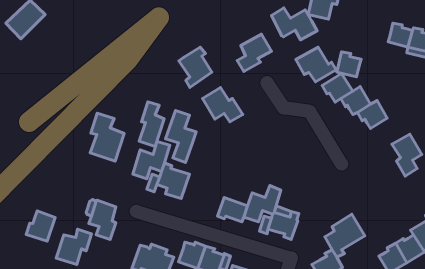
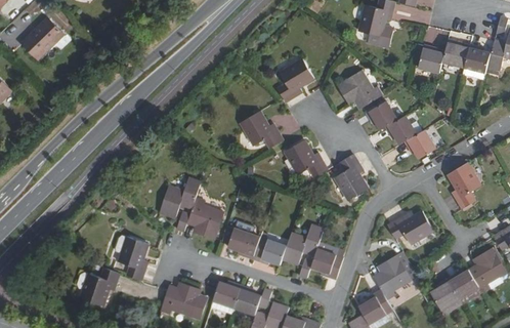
building: [271,8,317,40] -> none
building: [179,47,212,87] -> none
building: [337,52,361,77] -> [418,46,444,74]
building: [139,102,164,147] -> none
building: [165,110,196,163] -> none
building: none -> [283,139,328,177]
building: [90,113,124,161] -> none
building: none -> [334,154,369,200]
building: none -> [387,211,433,244]
building: none -> [224,222,264,253]
building: [26,211,55,241] -> none

